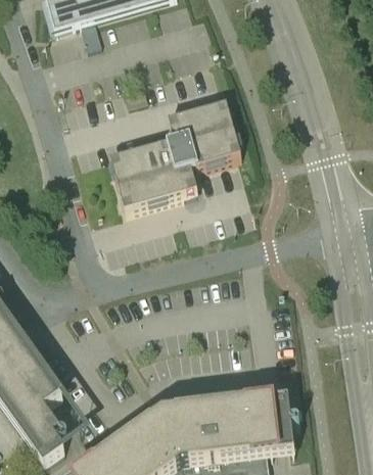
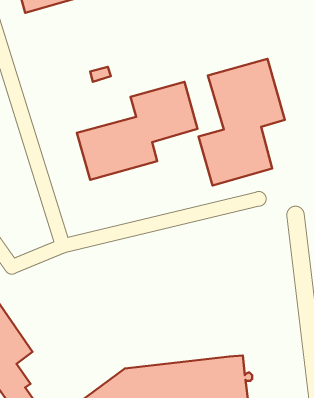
building: none -> [199,59,285,185]

